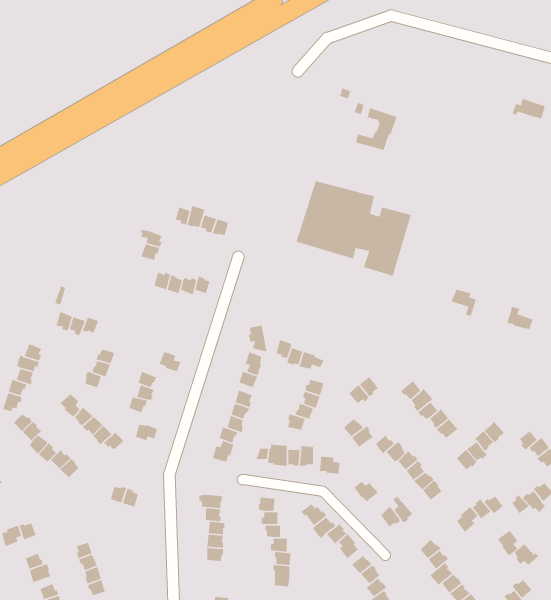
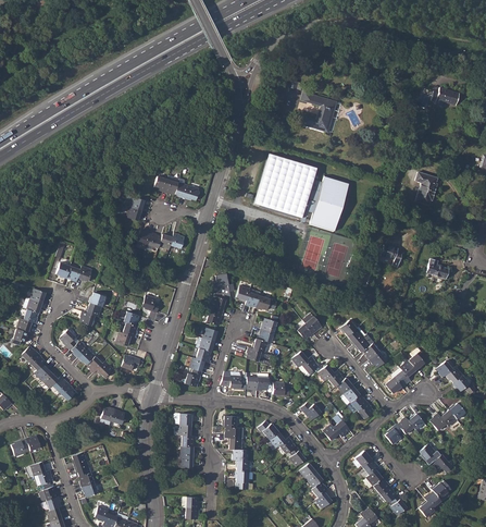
building: none -> [416,172,437,205]

